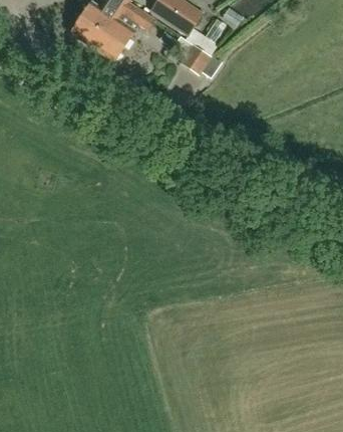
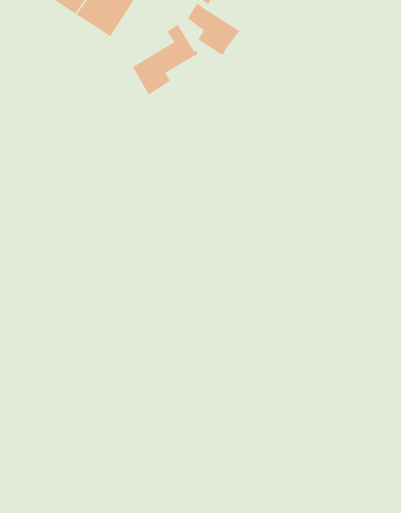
building: none -> [132,23,199,95]

